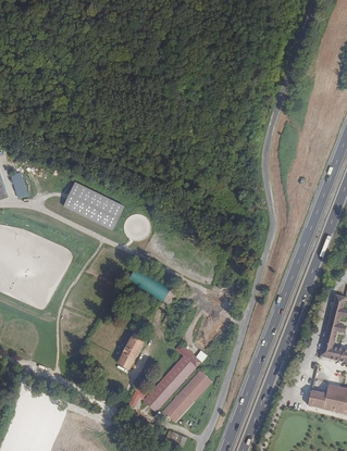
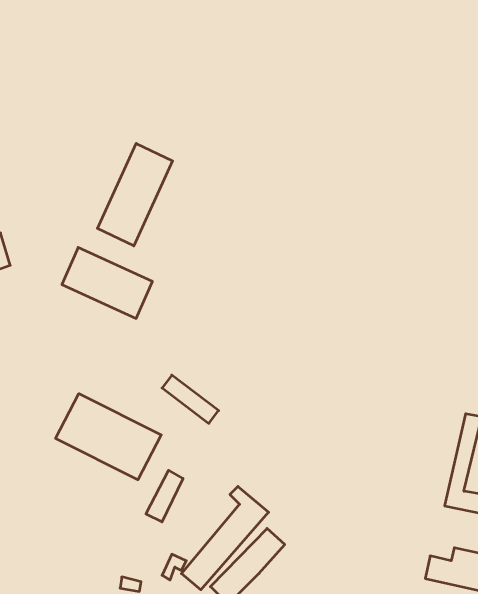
building: none -> [97,143,173,246]
building: none -> [56,394,161,480]

